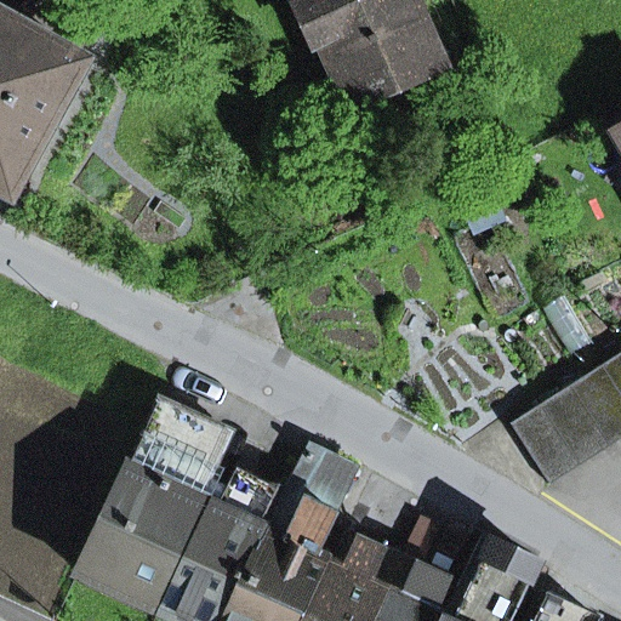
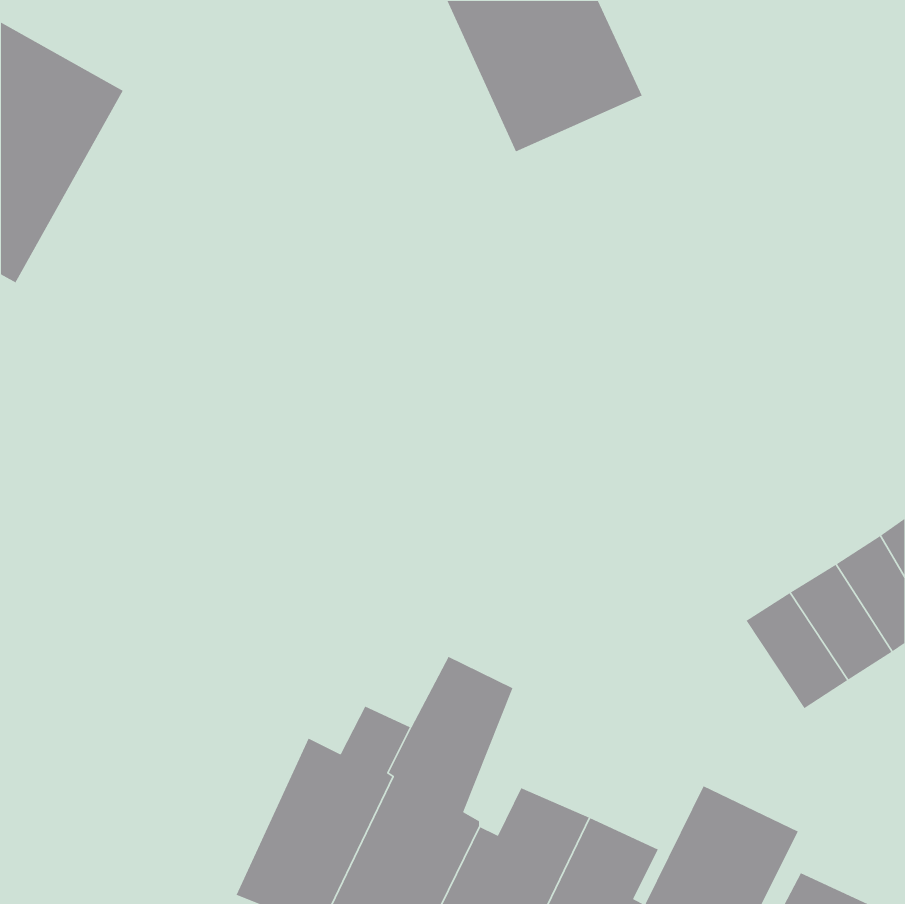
building: [79,403,230,614] -> none

